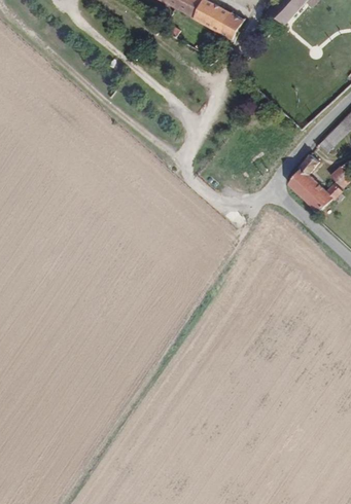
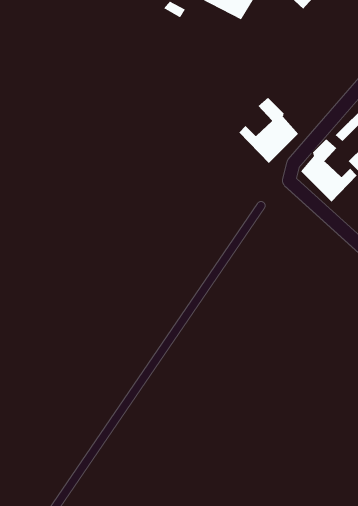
building: none -> [238,97,299,164]

